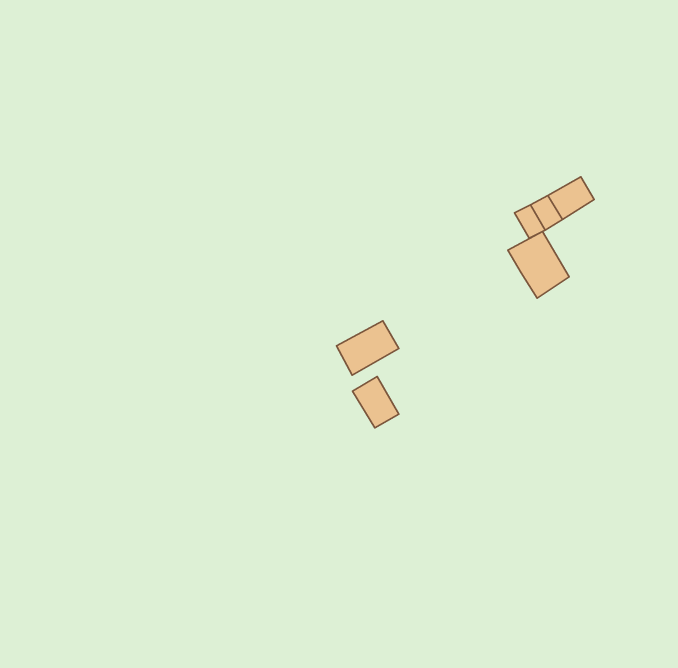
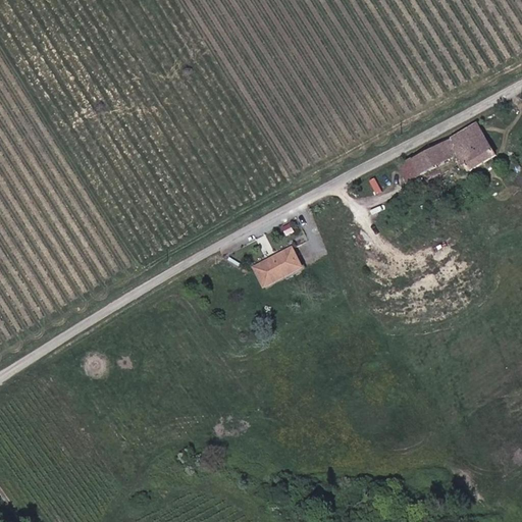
building: [508,232,569,298] -> [446,121,492,172]
building: [353,376,399,428] -> none

